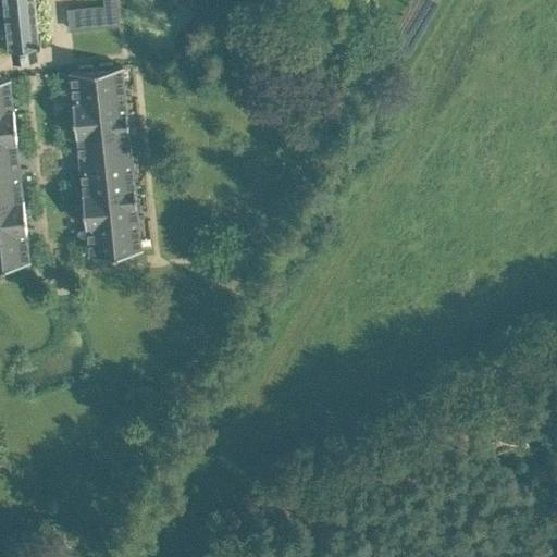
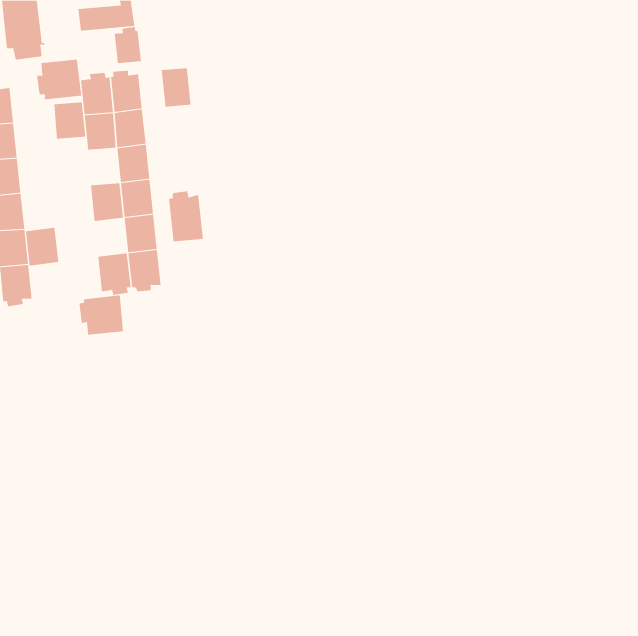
building: none -> [114,26,141,64]
building: none -> [37,59,82,100]
building: none -> [161,67,191,107]
building: [76,132,104,164] -> [54,102,86,139]
building: none -> [169,191,203,242]
building: [82,193,111,226] -> [25,227,59,266]
building: none -> [79,295,124,336]

